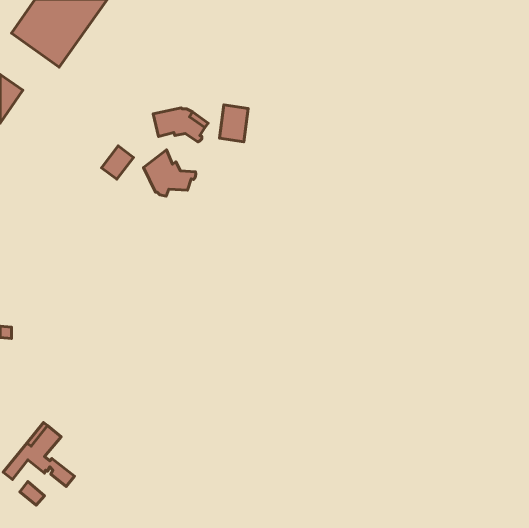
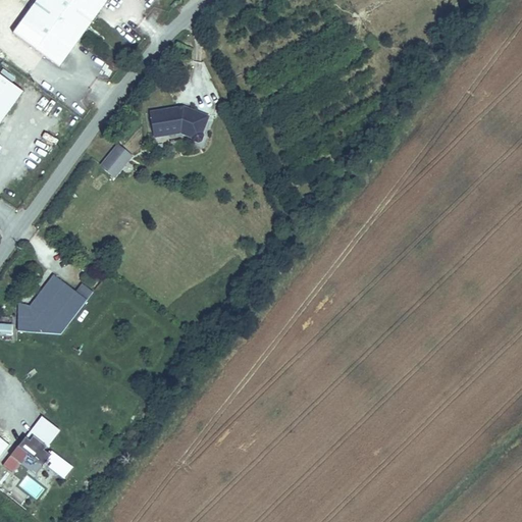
building: [220,105,248,142] -> none
building: [144,150,196,196] -> none
building: none -> [17,274,92,333]

